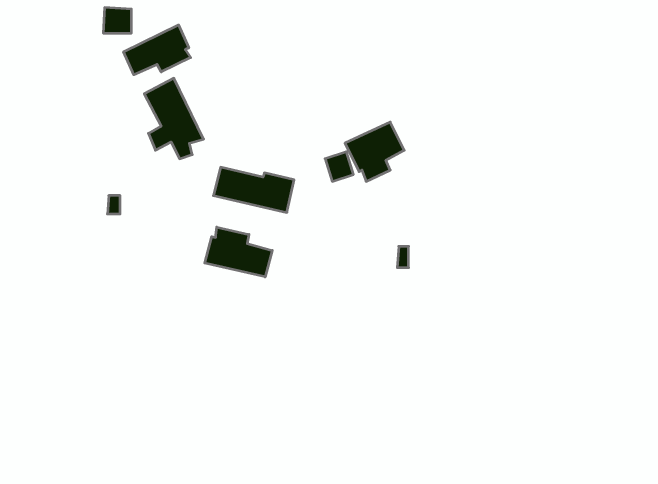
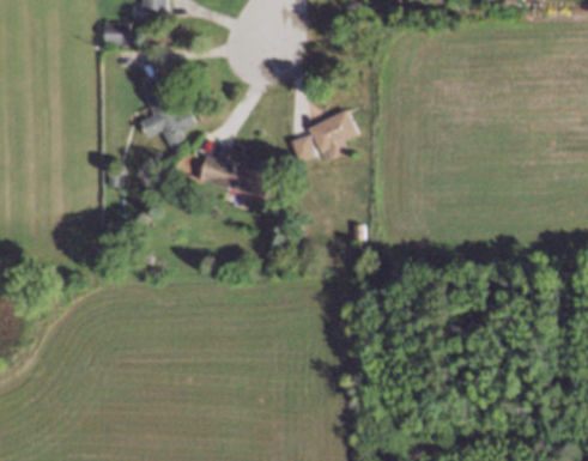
building: [124,25,191,75] -> none
building: [205,227,272,277] -> none

